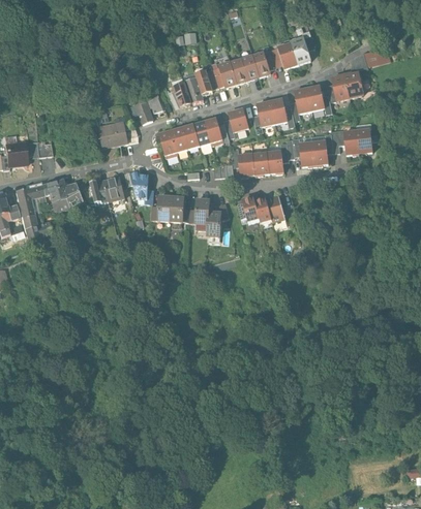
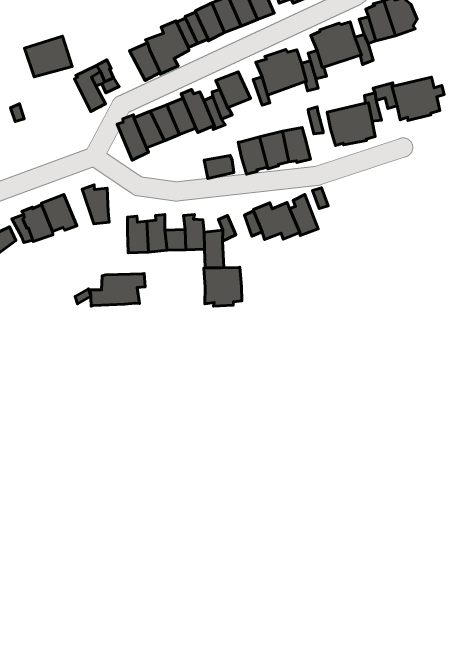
building: [97,123,127,148] -> [25,36,72,77]
building: none -> [91,273,145,306]
building: none -> [204,267,242,306]

